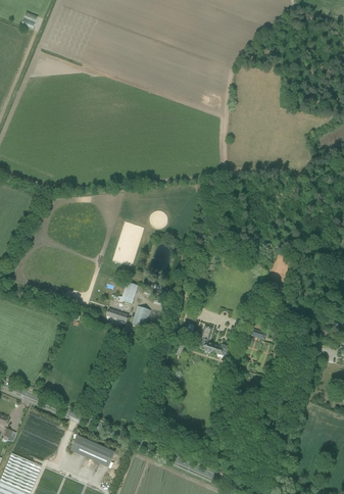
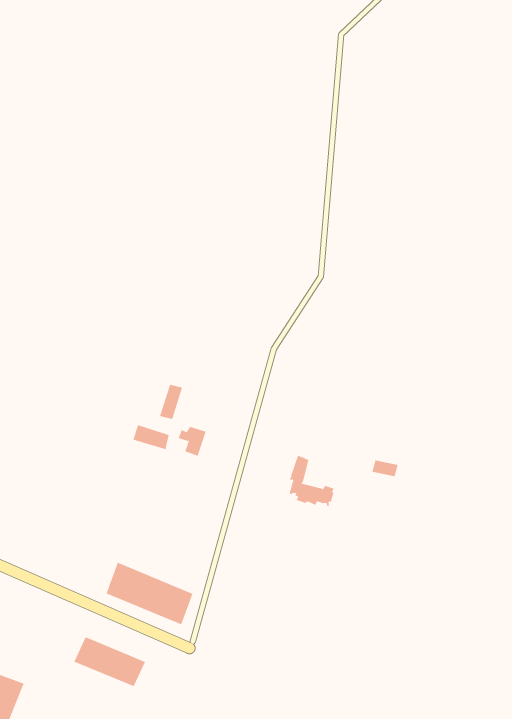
building: none -> [106,562,193,625]

